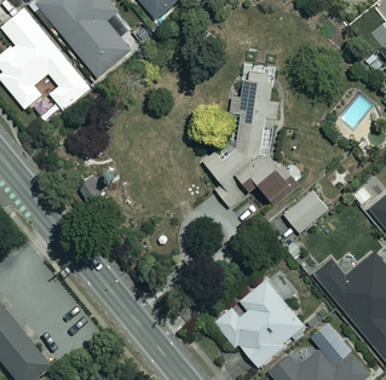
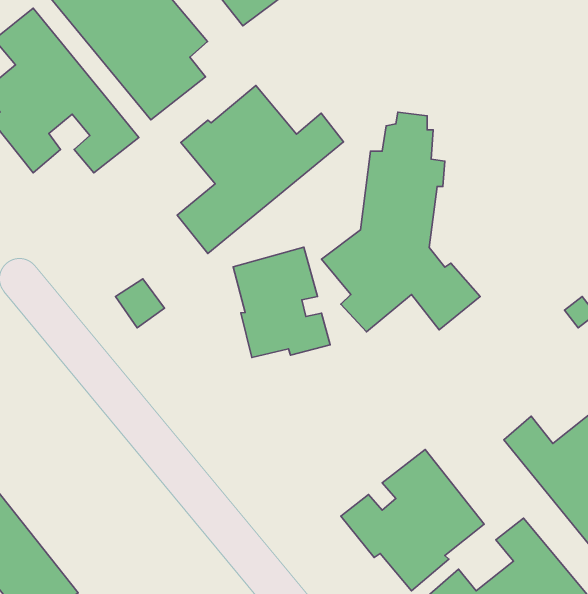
building: none -> [177,85,344,254]
building: none -> [233,247,330,357]
building: [284,191,328,232] -> none

